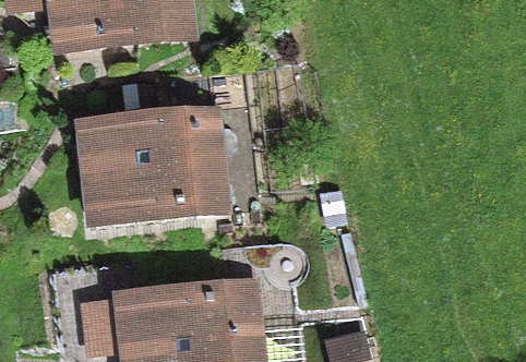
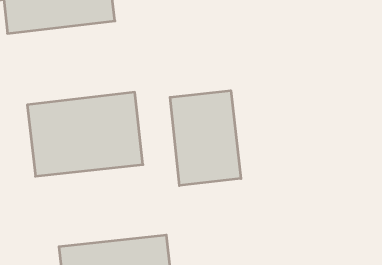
building: none -> [170,91,241,186]

